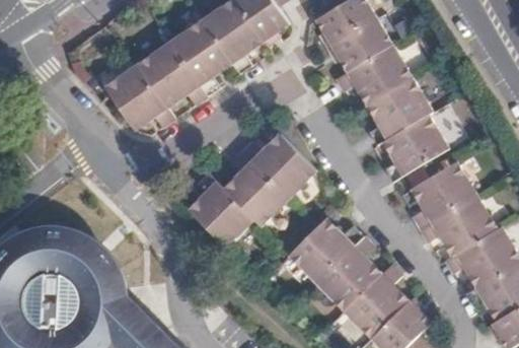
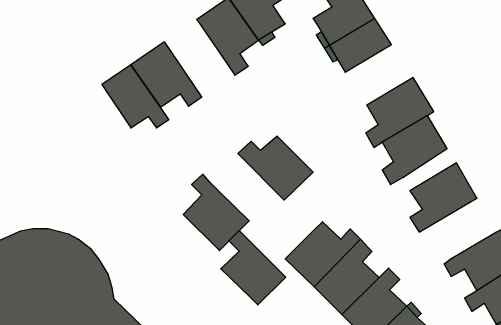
building: [169,19,230,95] -> none
building: [336,43,414,103] -> none
building: [223,151,287,224] -> [221,231,286,305]
building: [420,195,496,255] -> none

